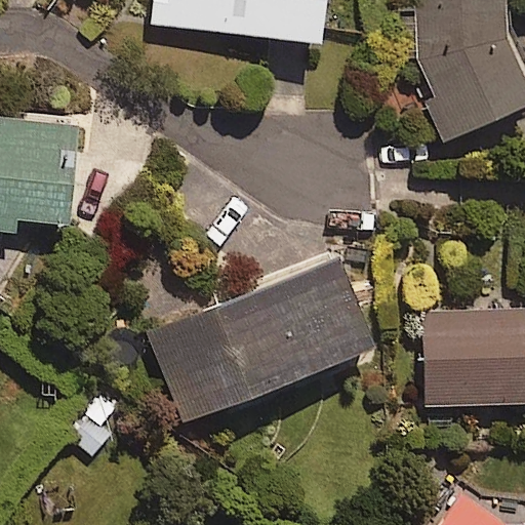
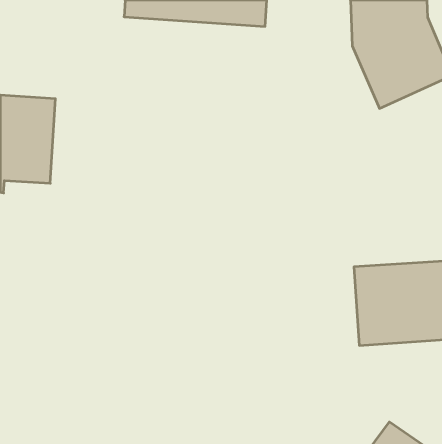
building: [147,256,371,418] -> none

